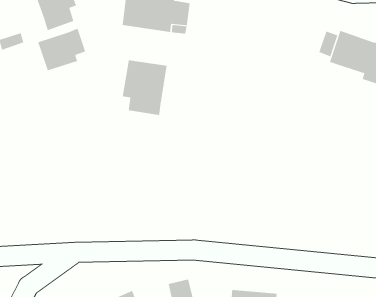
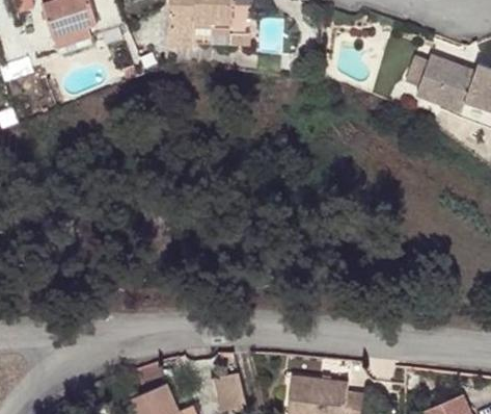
building: [37,28,86,71] -> none
building: [122,59,167,116] -> none

